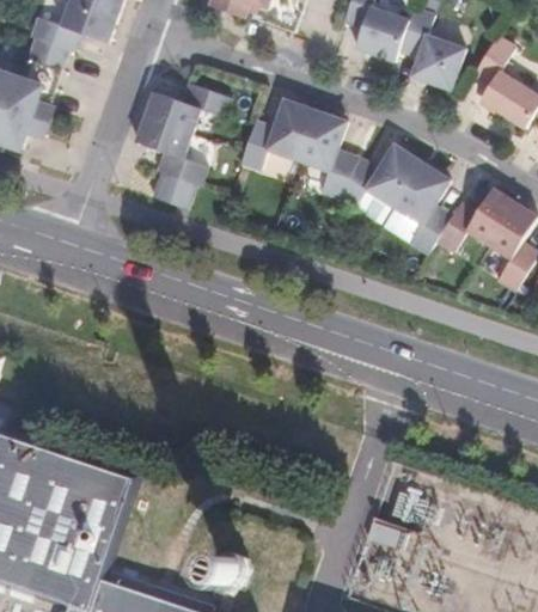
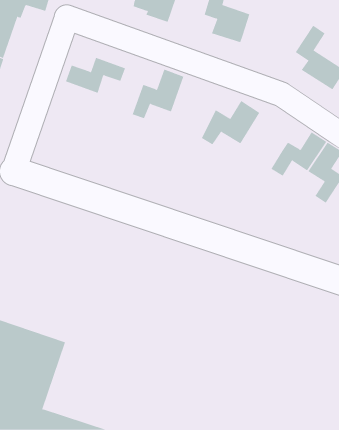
building: [397,8,463,91] -> none
building: [295,109,357,196] -> none
building: [135,116,206,210] -> none
building: [393,160,451,252] -> none

